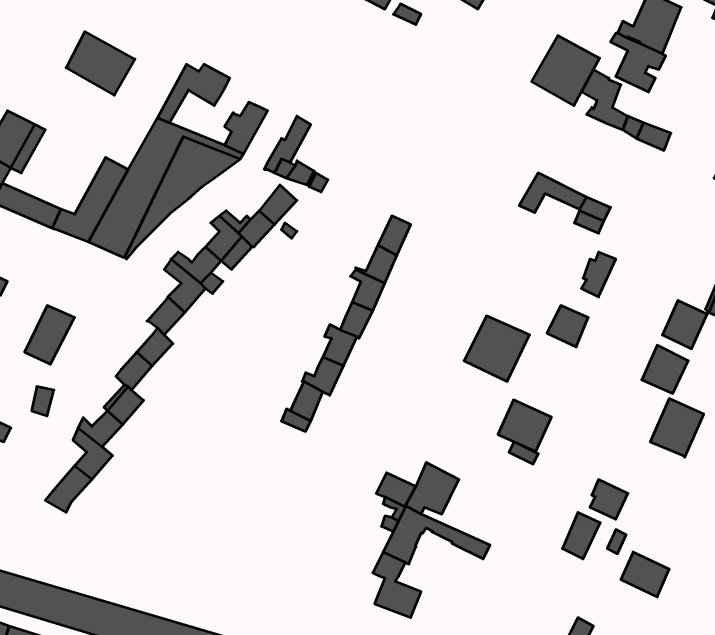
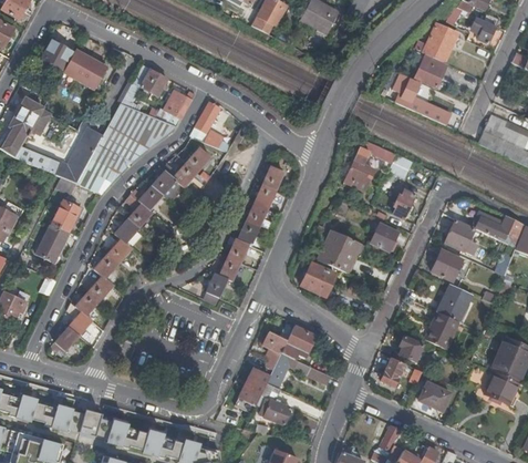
building: none -> [41,40,72,69]
building: [532,36,600,106] -> none
building: none -> [344,160,374,189]
building: none -> [50,200,77,231]
building: [498,400,551,452] -> [301,263,335,296]
building: none -> [425,311,458,349]
building: none -> [238,368,269,405]

